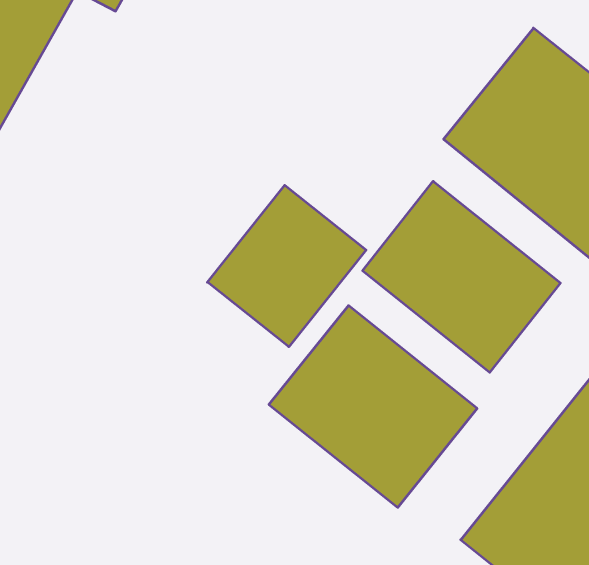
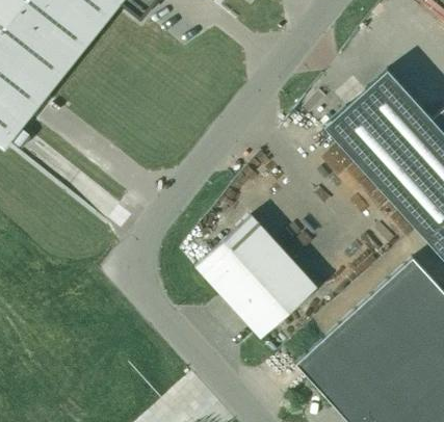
building: [363,181,560,372] -> none
building: [207,185,366,347] -> none

